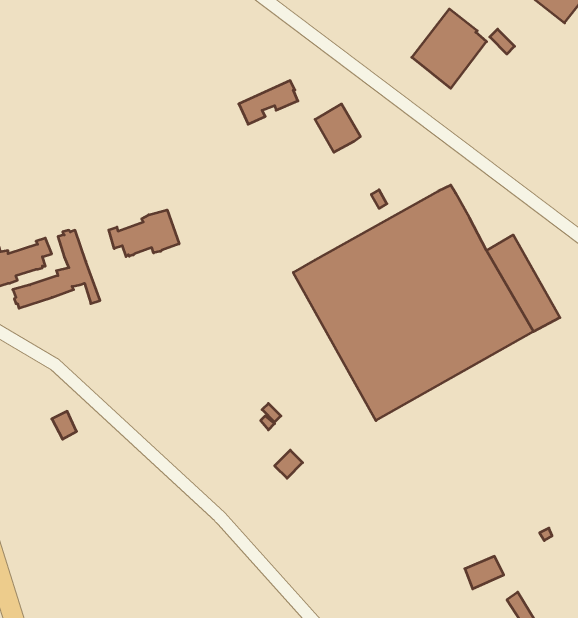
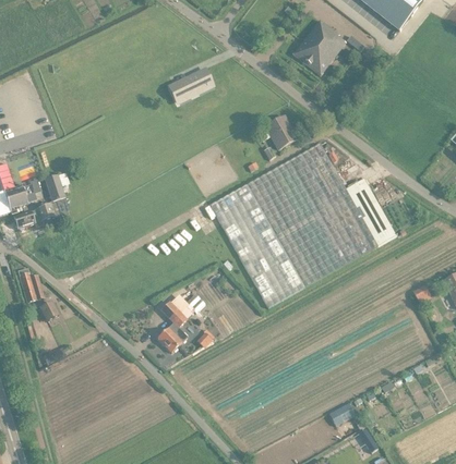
building: [315,104,360,152] -> [265,115,297,149]
building: [109,210,179,257] -> none
building: none -> [17,268,43,302]
building: none -> [157,301,187,352]

